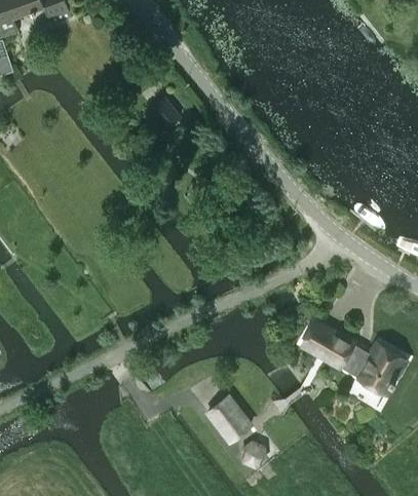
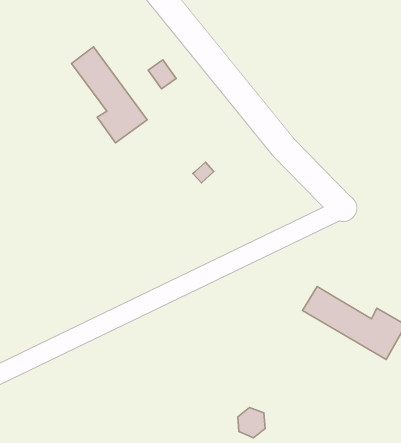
building: none -> [71,47,147,143]
building: [206,395,250,441] -> none

